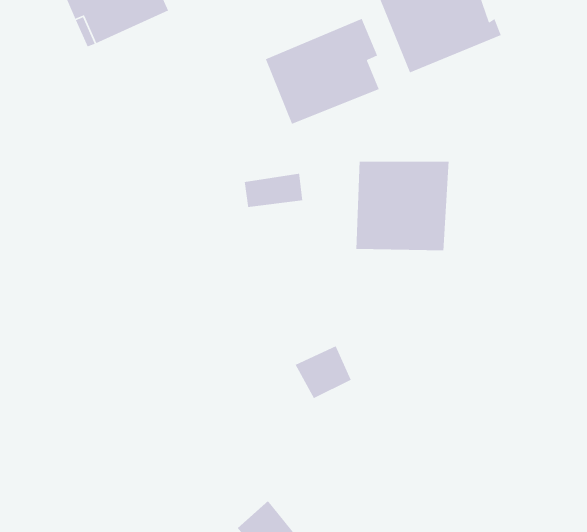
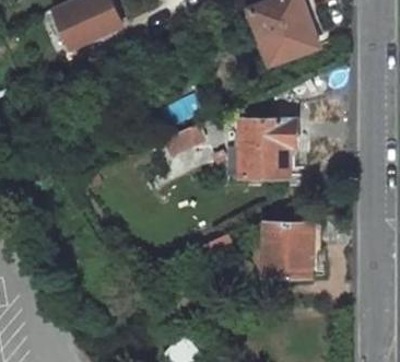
building: [265,18,380,125] -> none
building: none -> [252,223,308,277]

